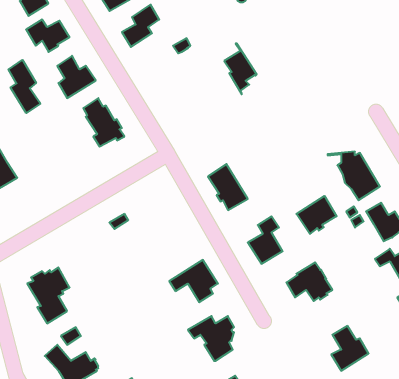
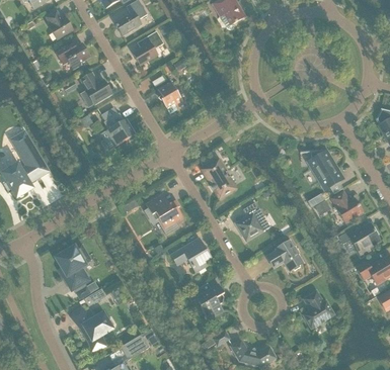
building: [224,43,257,94] -> [157,74,183,115]
building: [8,60,40,113] -> none
building: [296,196,337,234] -> none
building: none -> [145,192,183,232]

